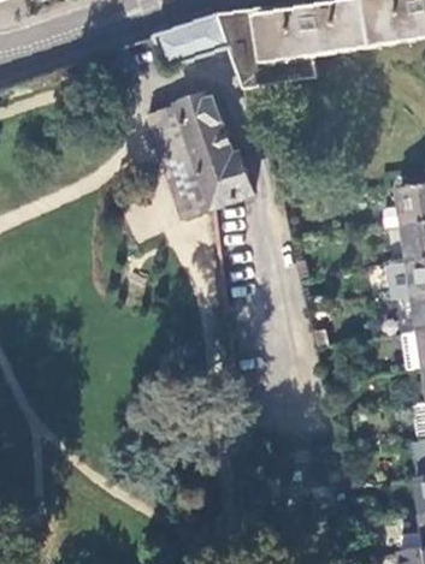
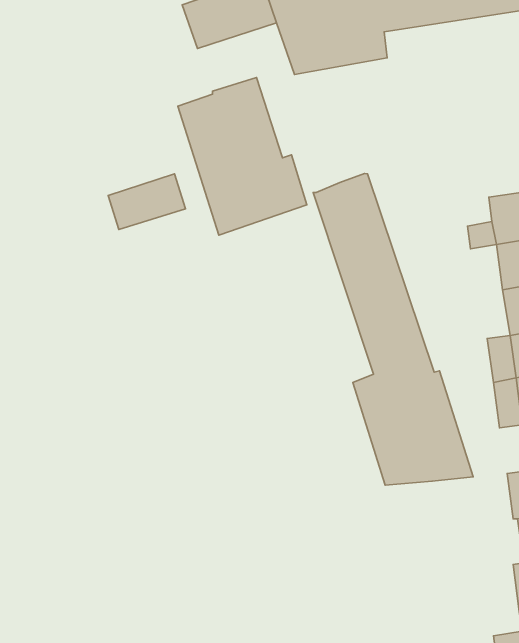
building: none -> [313,174,473,485]
building: none -> [108,174,186,229]

